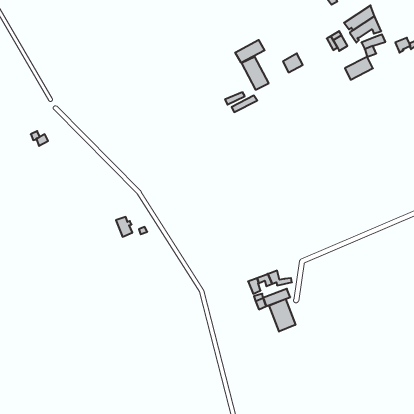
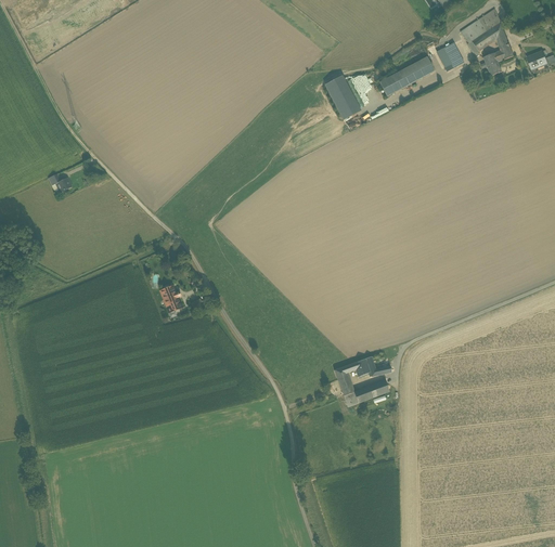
building: [235,40,265,63] -> none
building: [345,57,373,80] -> [398,55,435,86]
building: [269,299,295,332] -> none

